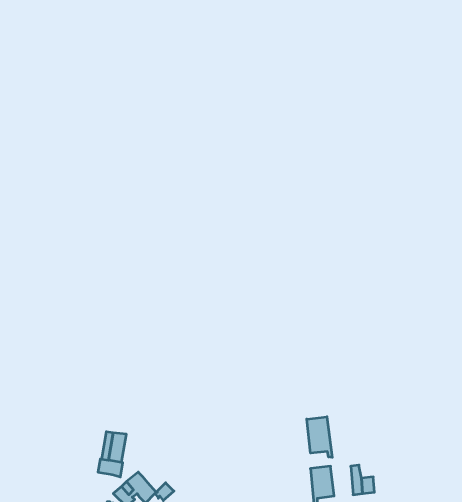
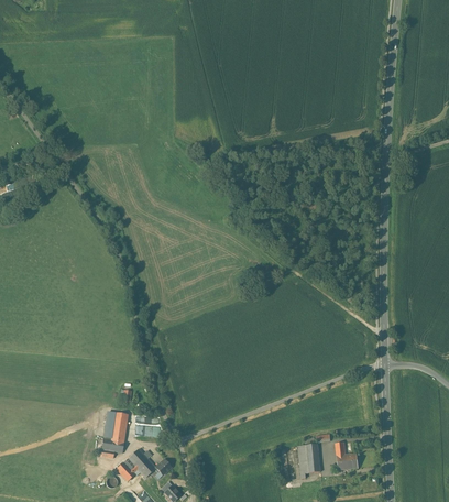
building: [307,417,332,457] -> none

